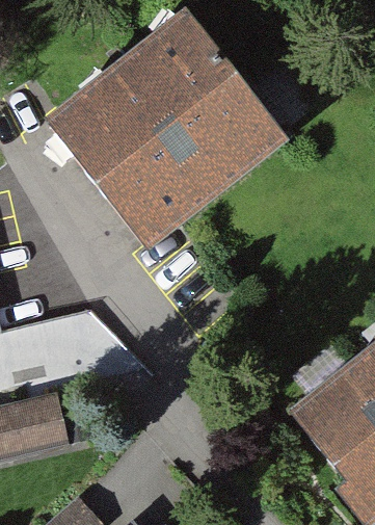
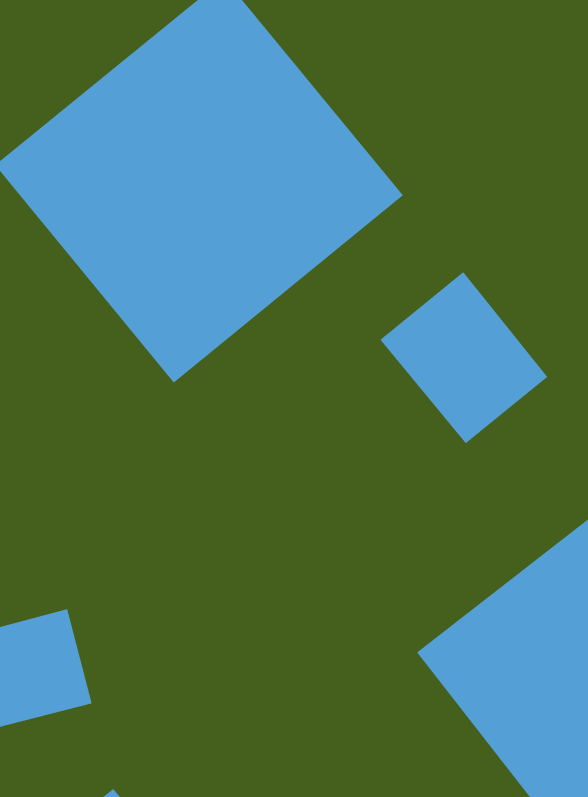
building: none -> [379,271,548,444]

